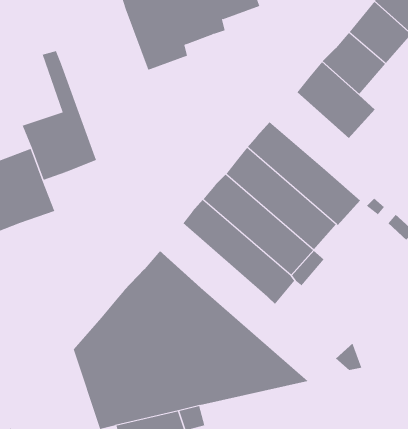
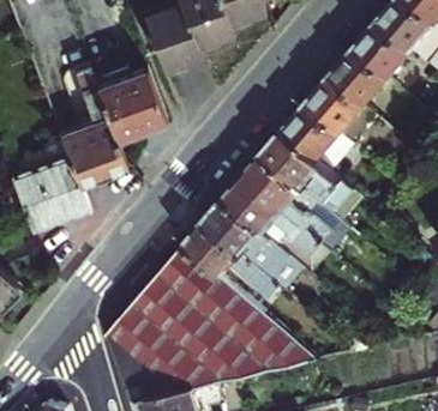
building: none -> [95,68,166,139]
building: none -> [281,104,354,174]
building: none -> [182,222,278,301]

